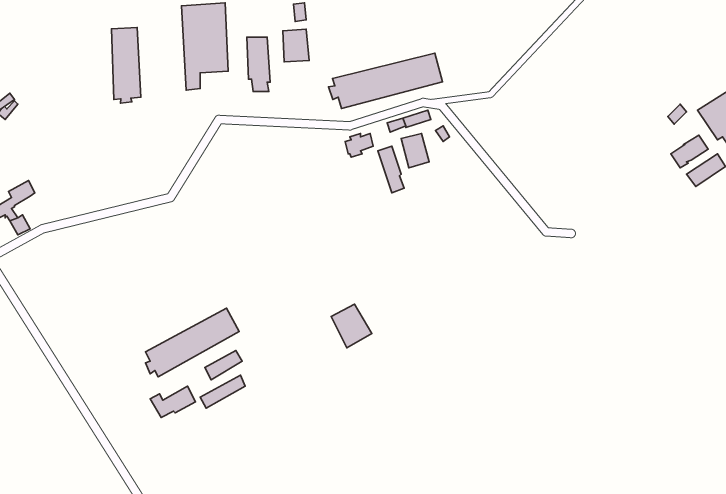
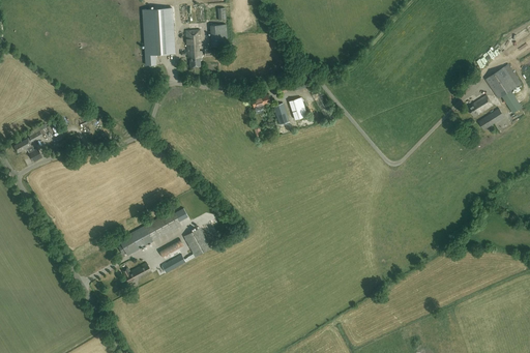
building: [111,27,141,103] -> none
building: [328,53,442,108] -> none
building: [331,304,372,348] -> [184,228,211,257]

